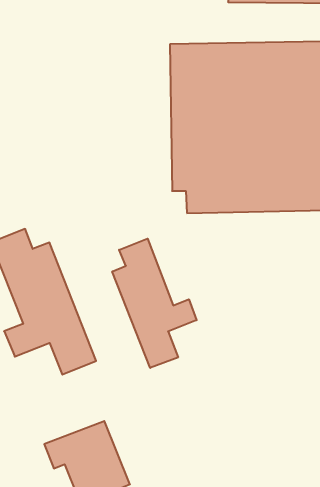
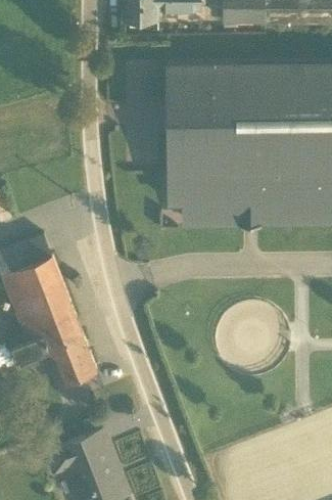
building: [112,239,197,368] -> none

